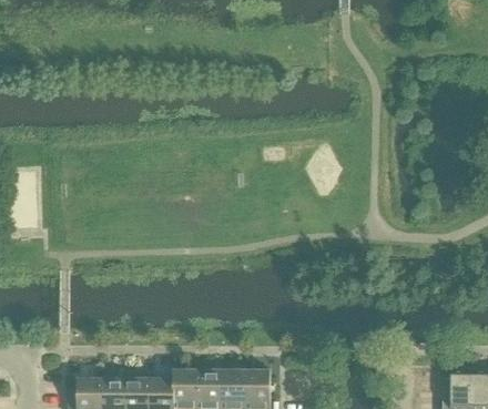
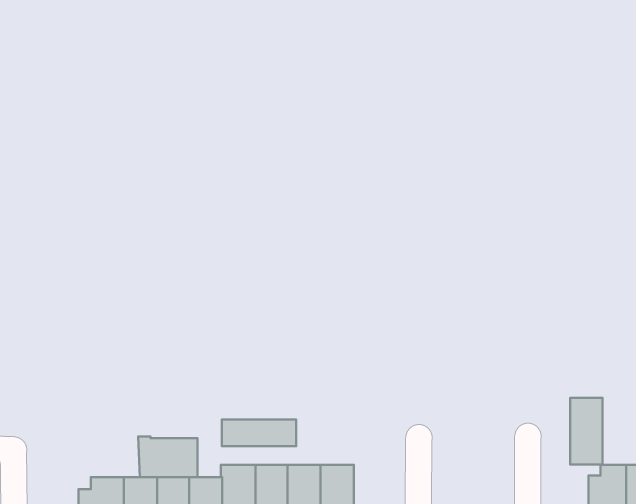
building: none -> [570,398,603,464]
building: none -> [222,420,296,446]
building: none -> [138,437,197,477]

